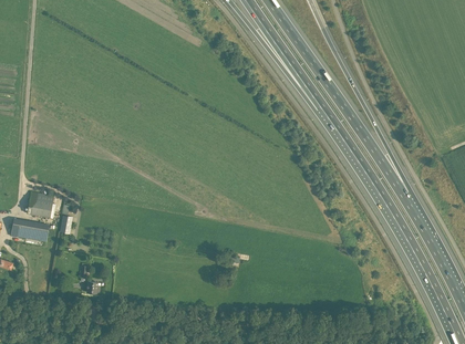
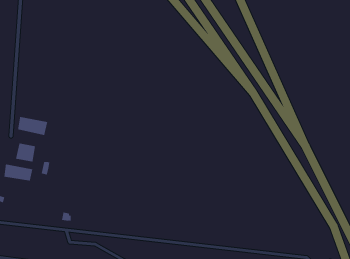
building: none -> [18,116,48,136]

